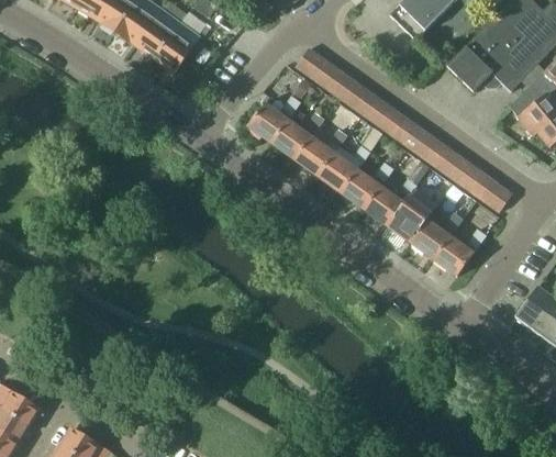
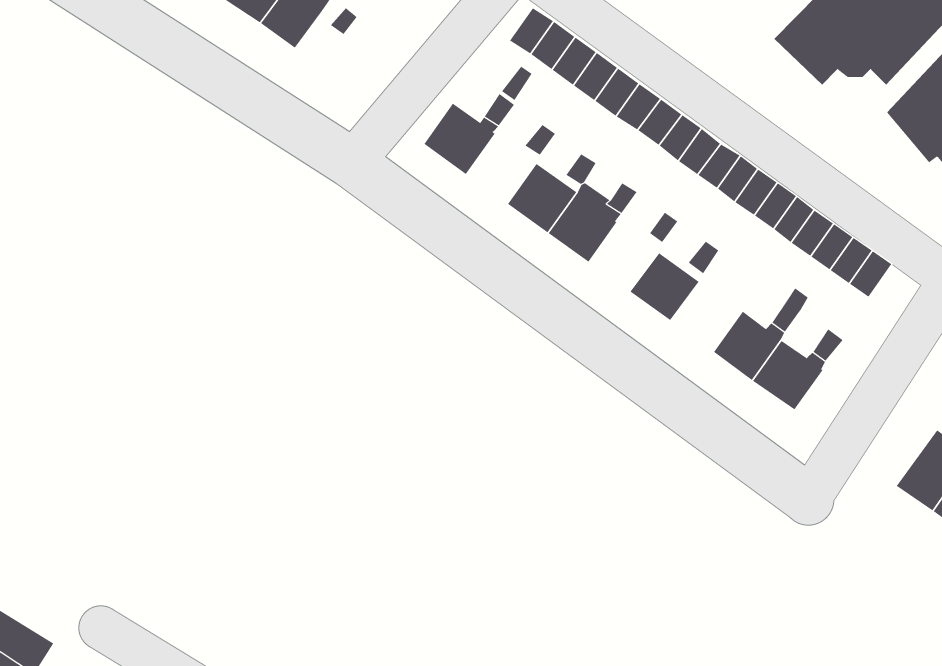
building: [273,120,312,159] -> none
building: [342,169,381,209] -> none
building: [388,203,429,243] -> none

